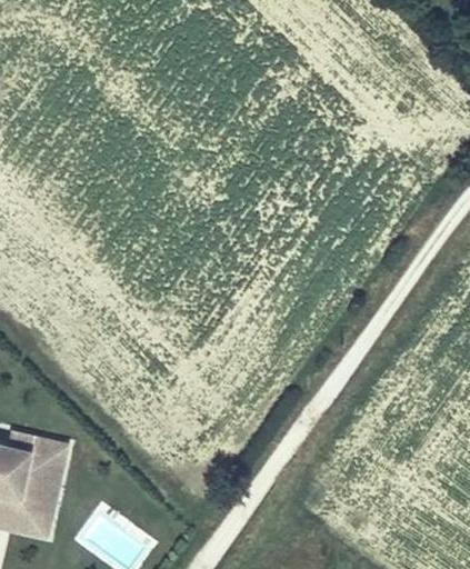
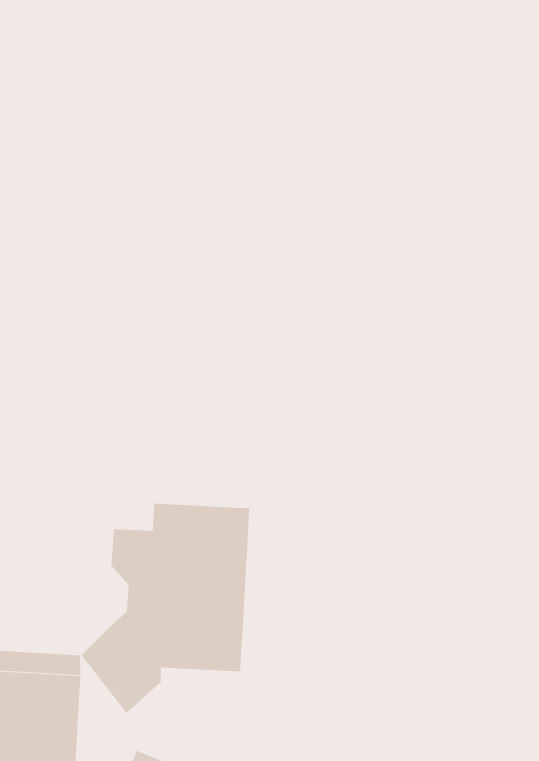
building: none -> [81,503,250,714]

